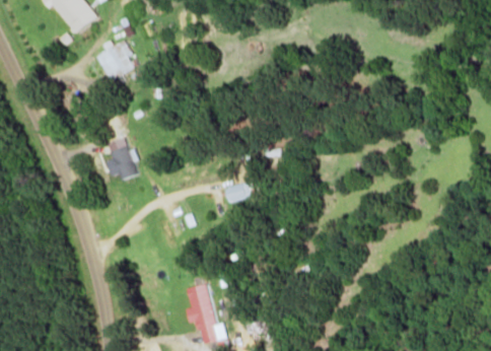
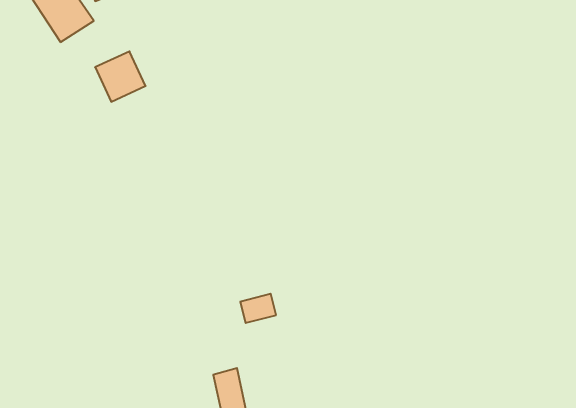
building: [107,138,136,174] -> none
building: [222,182,250,204] -> [240,294,276,323]

